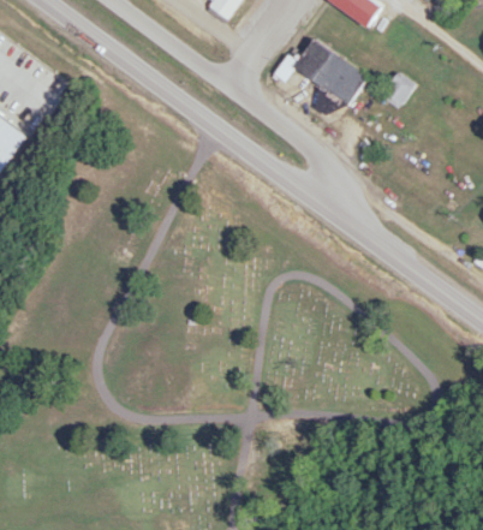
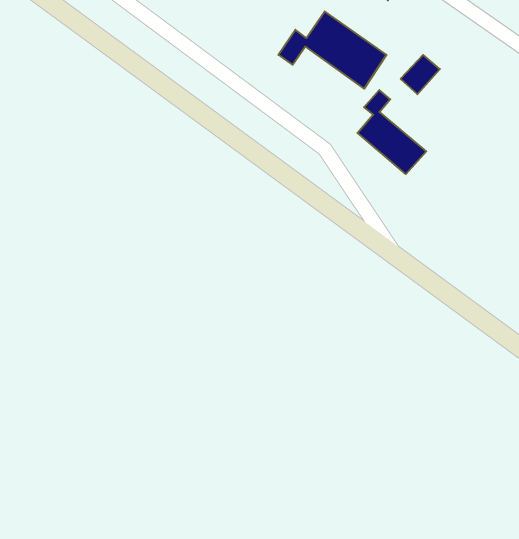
building: none -> [357,90,426,174]

